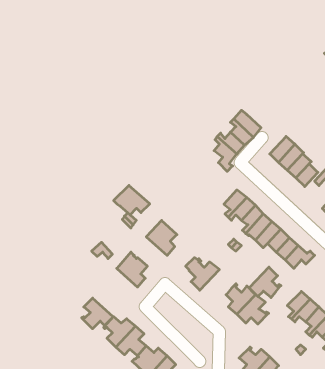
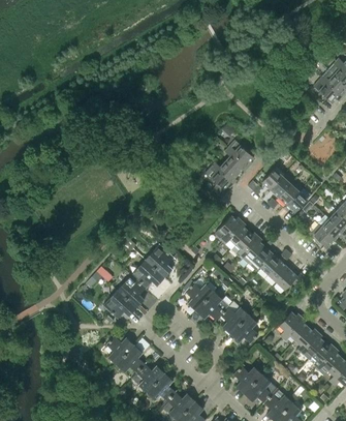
building: [114,185,150,215] -> [130,261,164,289]
building: [249,267,281,298] -> [195,292,225,321]
building: [82,298,113,329] -> [106,291,136,320]

